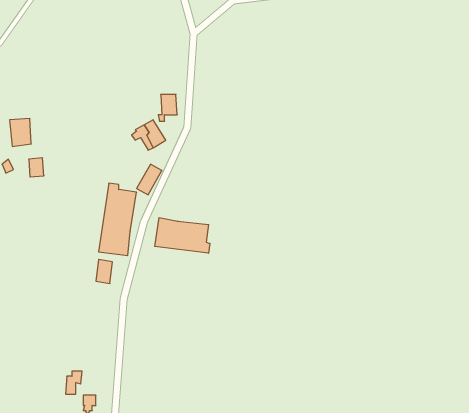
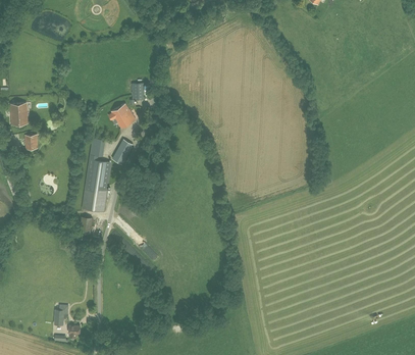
building: [155,218,210,253] -> none

